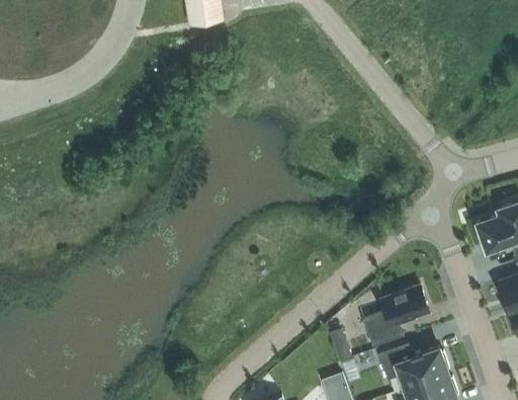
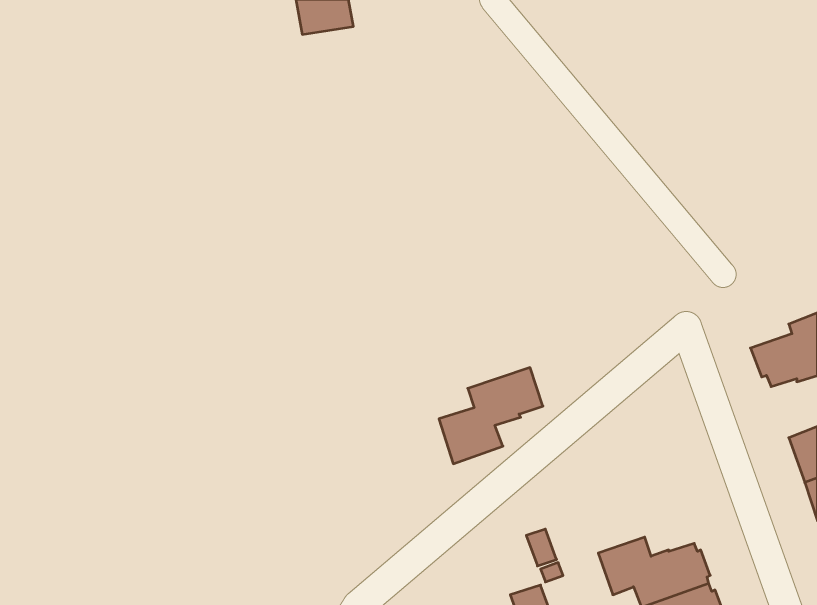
building: [363,287,429,347] -> [439,368,543,464]

